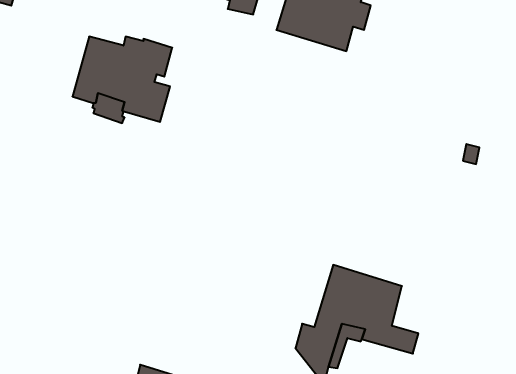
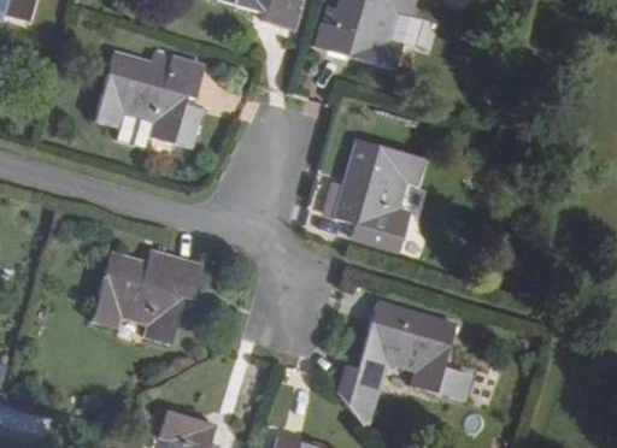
building: none -> [336,138,423,249]
building: none -> [92,250,201,340]

